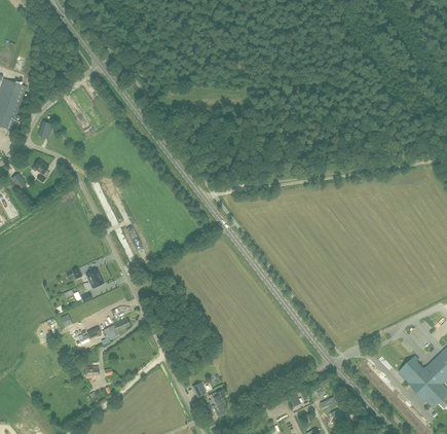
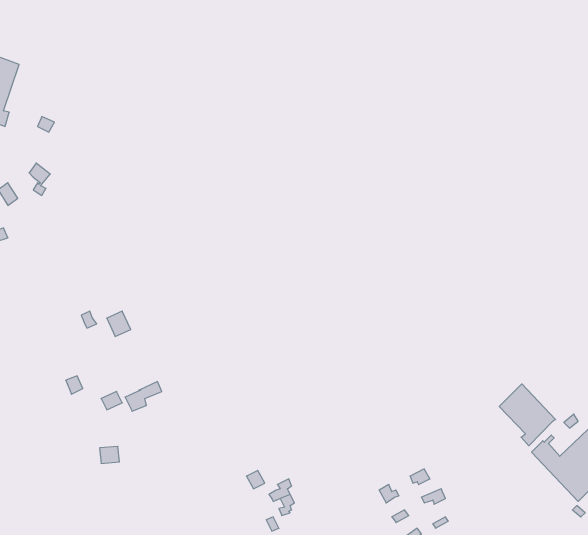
building: none -> [499,384,556,446]

